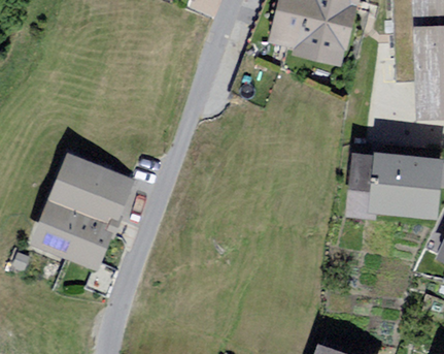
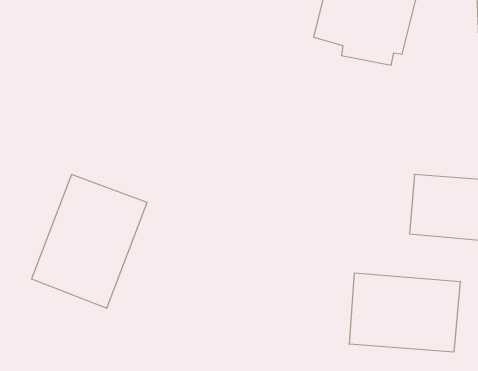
building: none -> [349,273,460,352]

